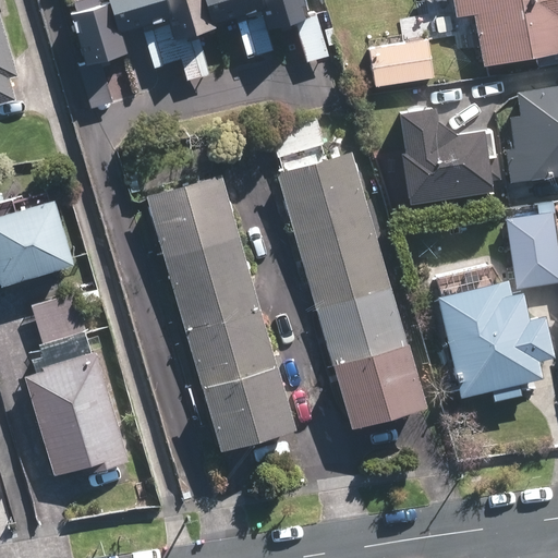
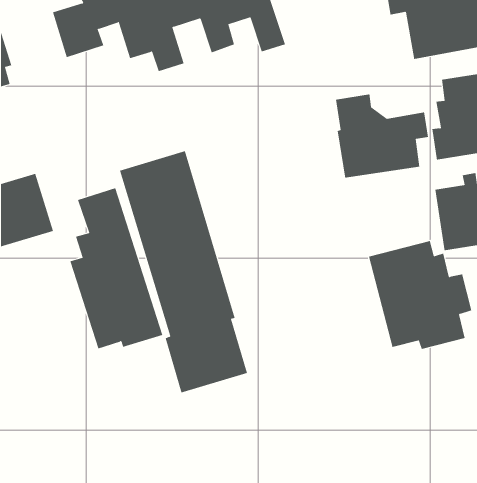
building: [371,43,437,85] -> none
building: [272,116,423,430] -> none
building: [23,291,131,477] -> [70,187,163,349]

